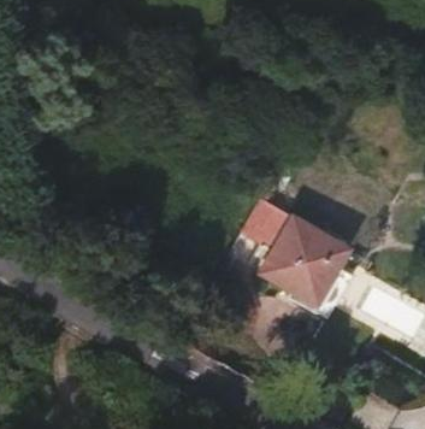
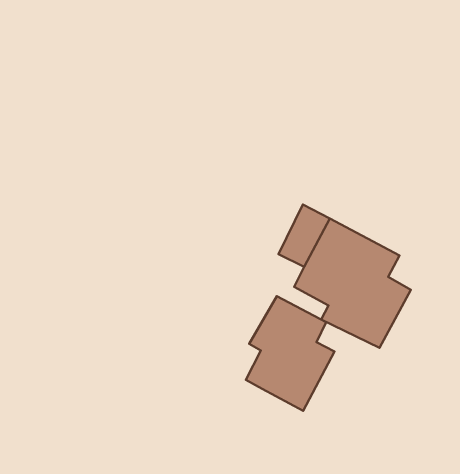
building: none -> [246,296,334,411]

